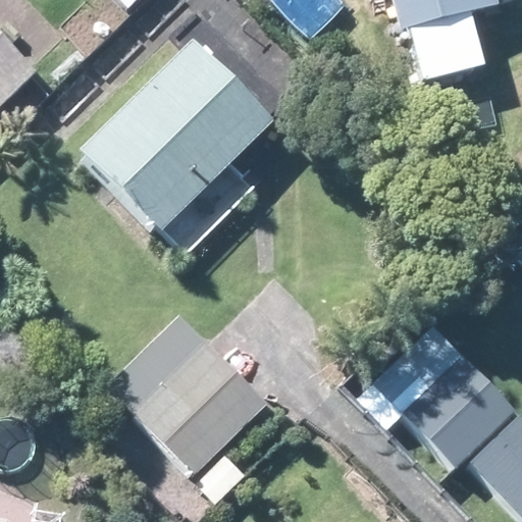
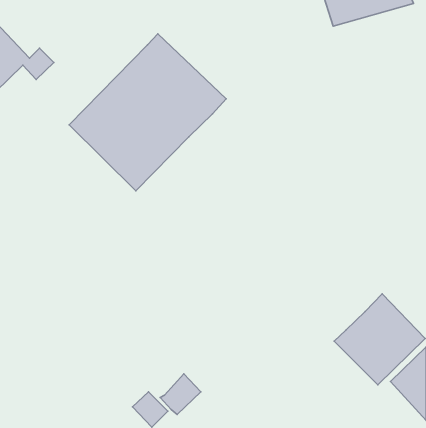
building: [134,342,265,473] -> none

